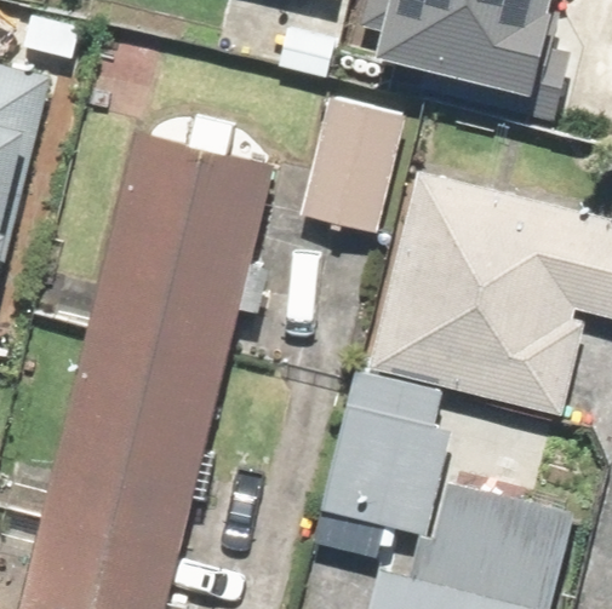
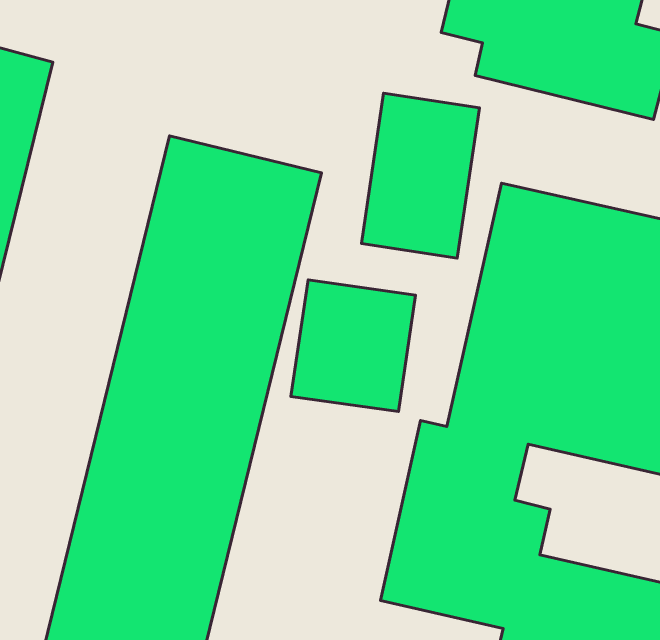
building: none -> [291,280,415,412]

